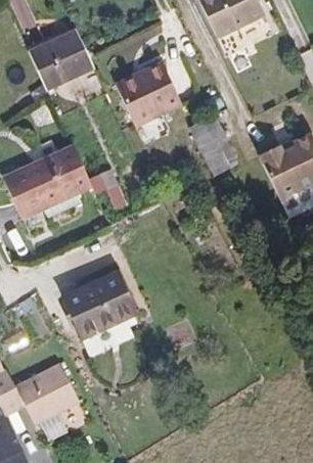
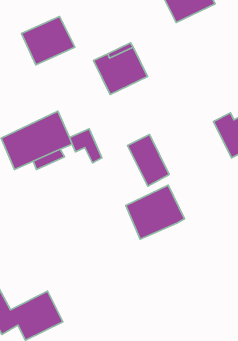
building: [188,113,238,176] -> [128,135,169,186]
building: [64,271,135,336] -> [126,185,184,239]

